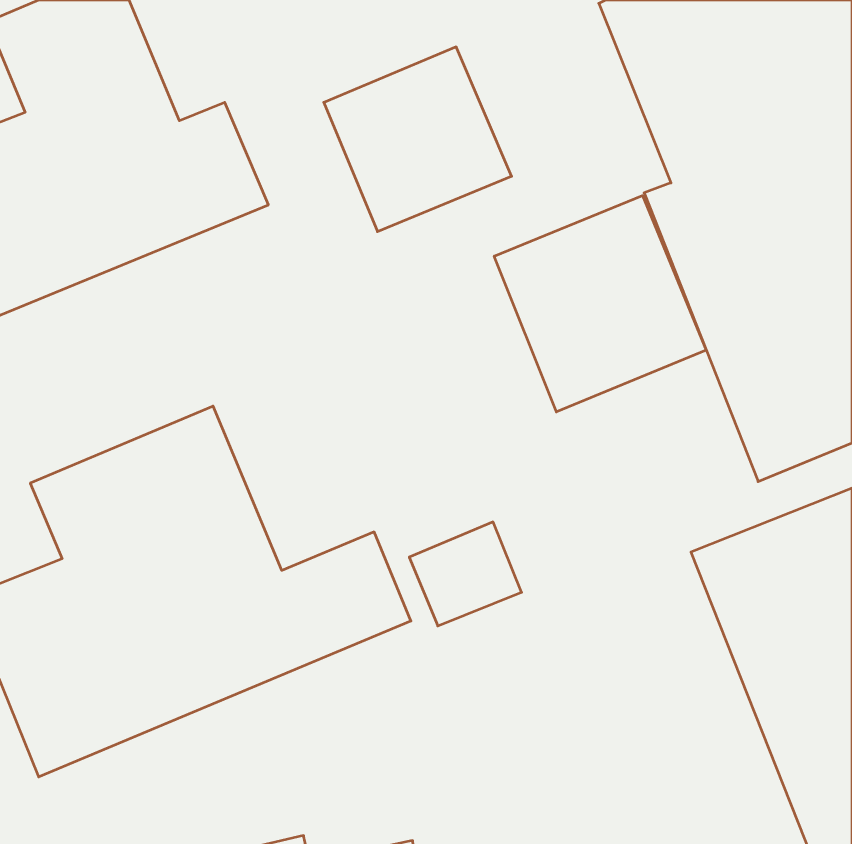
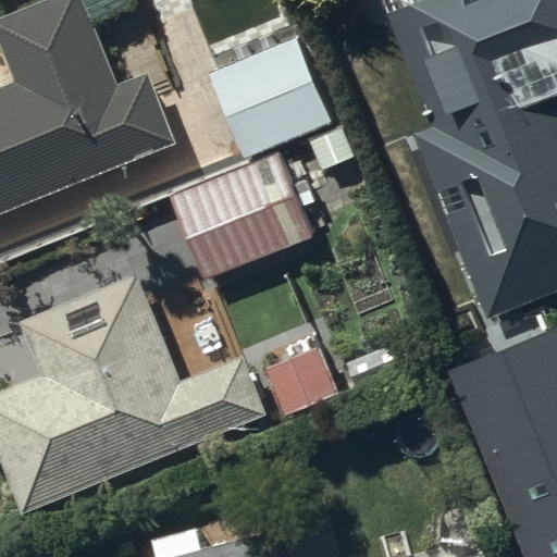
building: [494,196,706,412] -> none
building: none -> [171,156,309,280]

